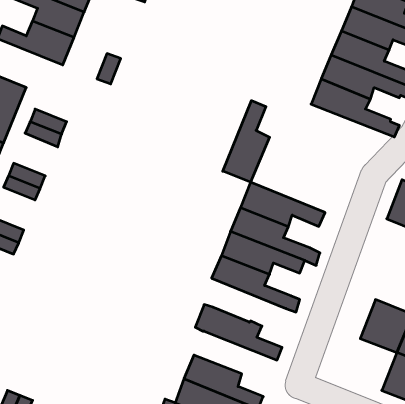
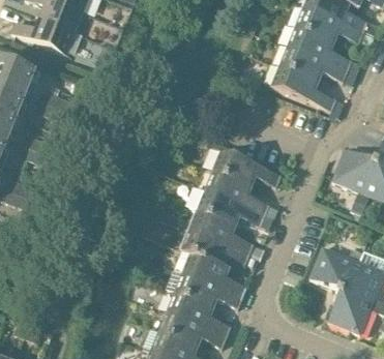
building: [223,101,270,182] -> none
building: none -> [180,230,249,266]
building: none -> [174,273,242,308]

